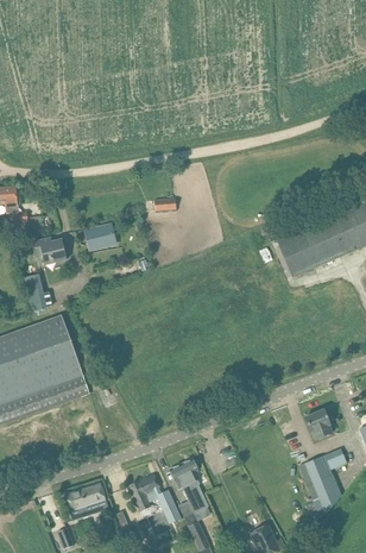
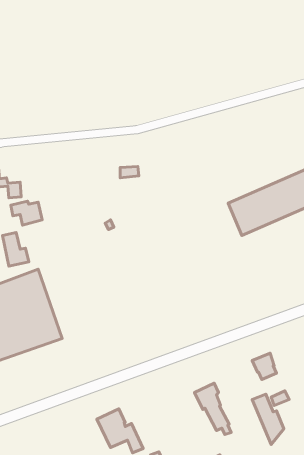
building: [84,222,116,250] -> none
building: [170,458,212,516] -> [194,383,231,435]
building: [64,482,108,520] -> none

